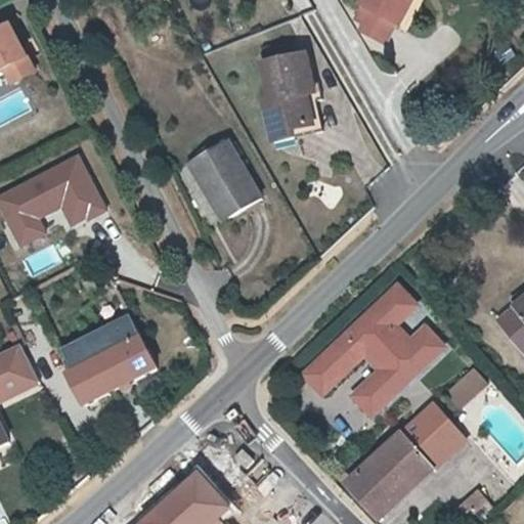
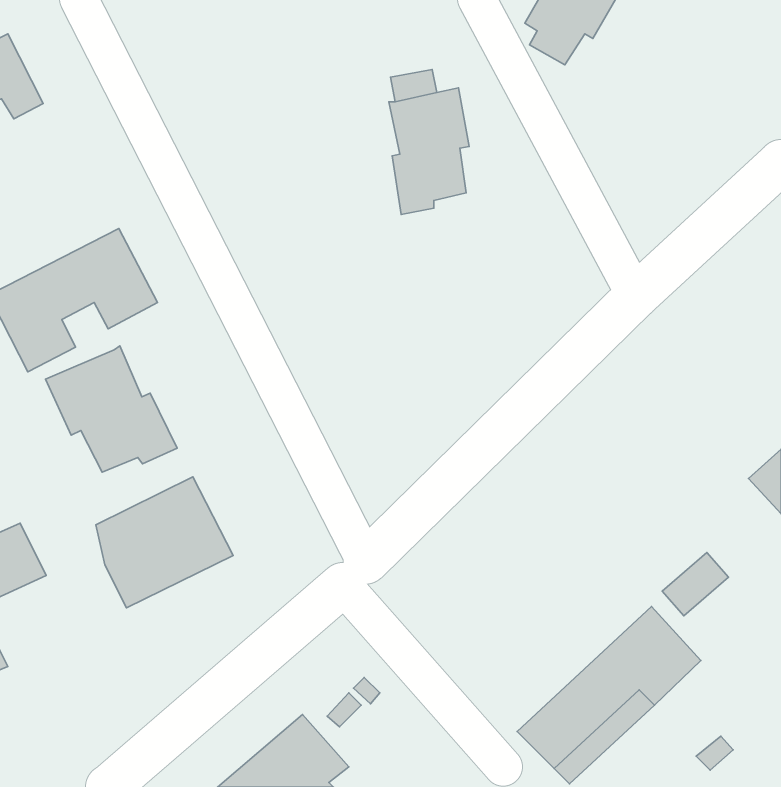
building: [189,140,259,216] -> none
building: none -> [45,346,177,472]
building: [303,287,447,420] -> none

